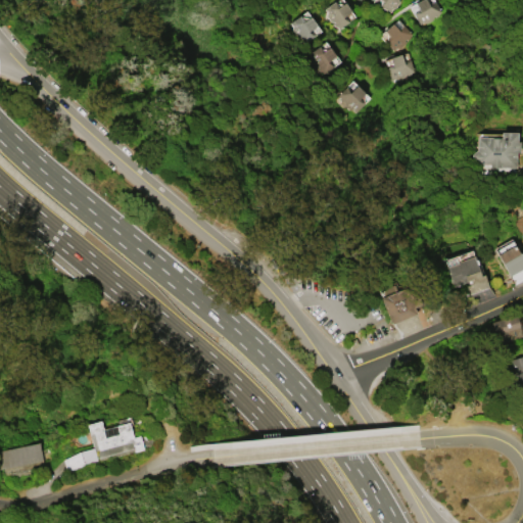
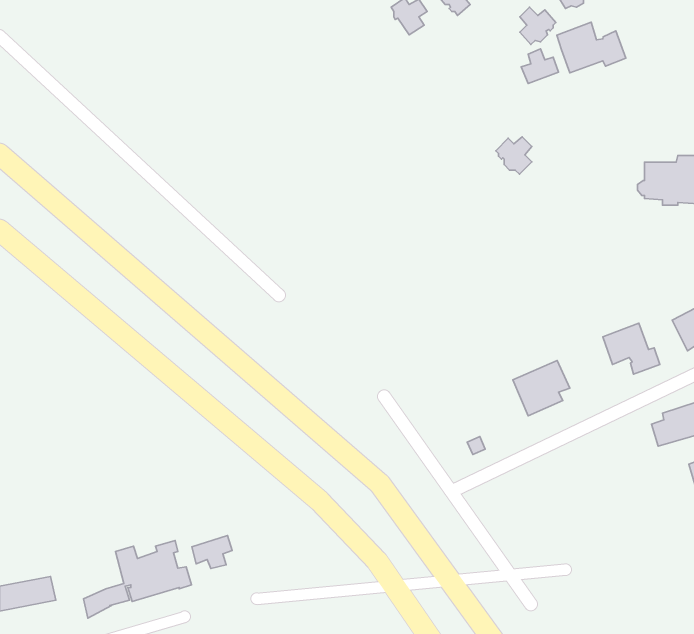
building: none -> [557,22,626,73]
building: [307,47,338,76] -> none
building: [340,86,367,113] -> [496,137,532,174]
building: none -> [192,536,232,569]

